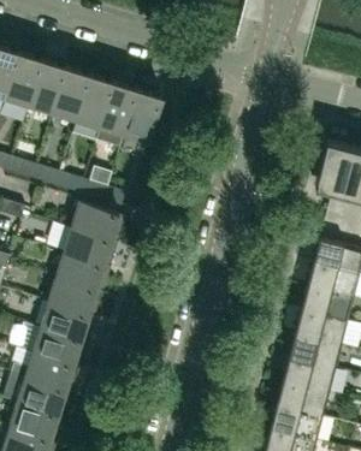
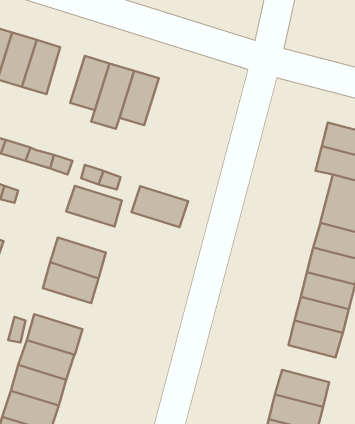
building: [52,67,89,121] -> none
building: [63,227,118,267] -> [131,186,188,227]
building: [40,302,95,342] -> none
building: [282,357,333,393] -> none

